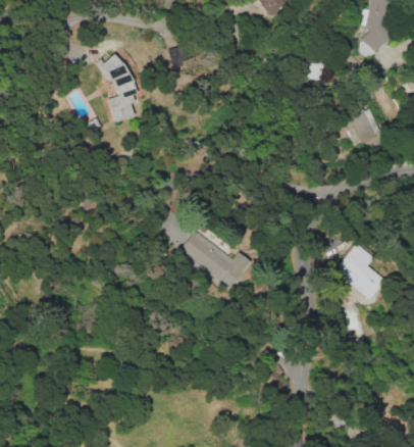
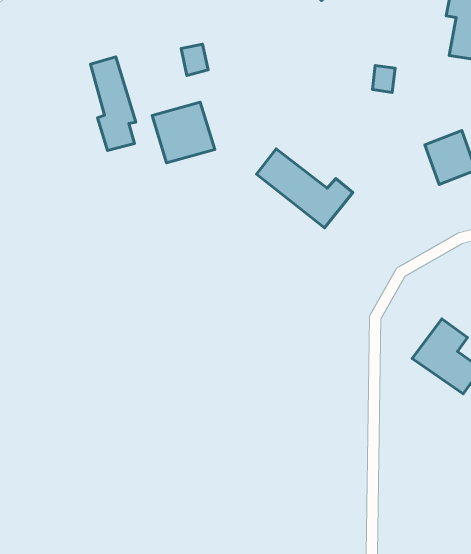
building: none -> [152,102,215,163]
building: [182,231,251,288] -> [256,149,353,228]

